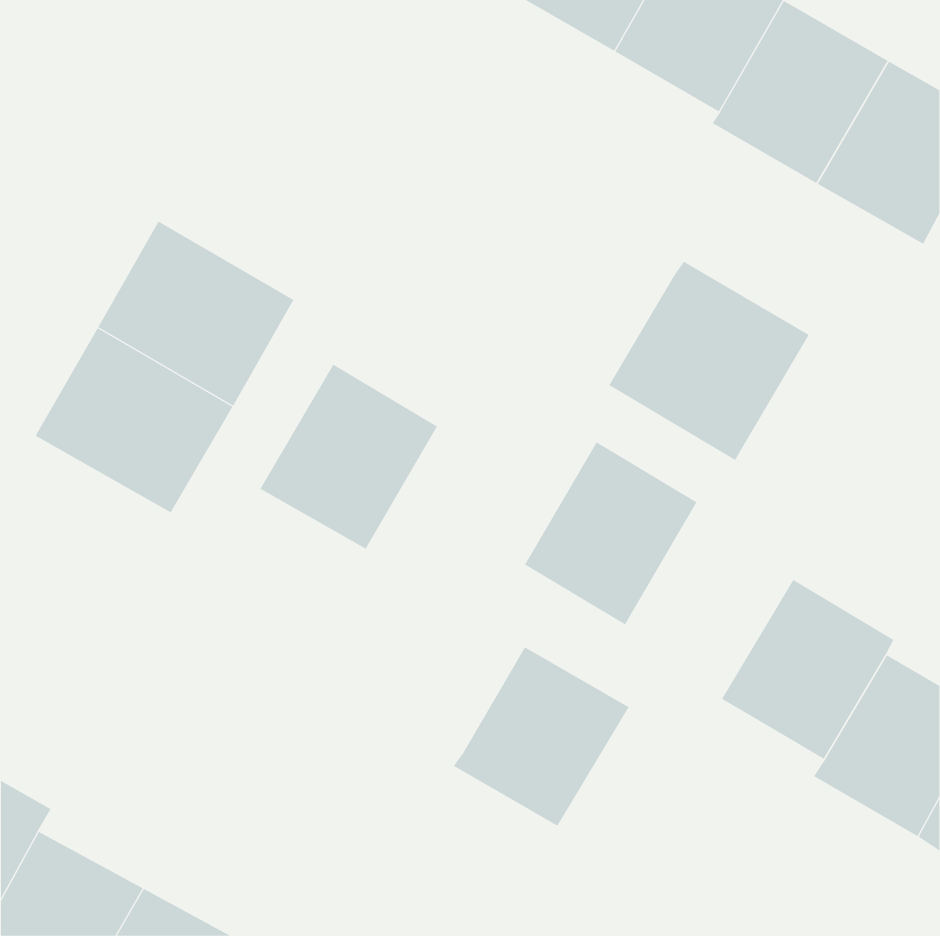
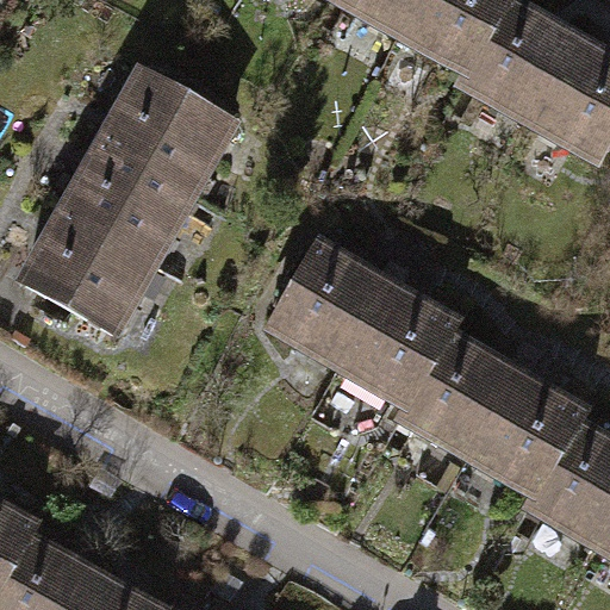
building: none -> [102,73,231,194]
building: [608,261,809,461] -> none
building: [259,364,438,550] -> [270,245,386,366]
building: [453,646,629,827] -> [399,336,513,453]

